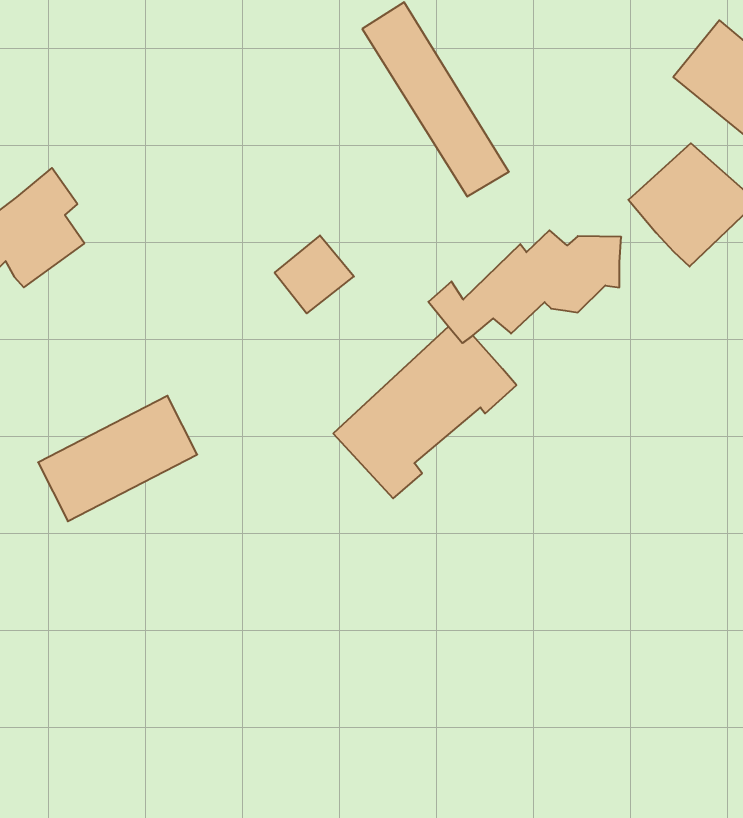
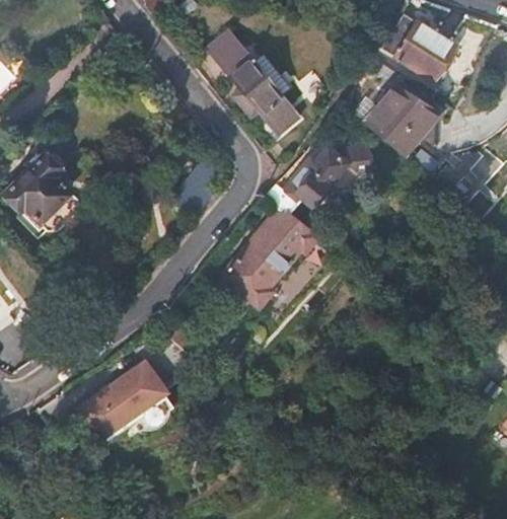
building: [38,396,197,521] -> [79,362,167,440]

